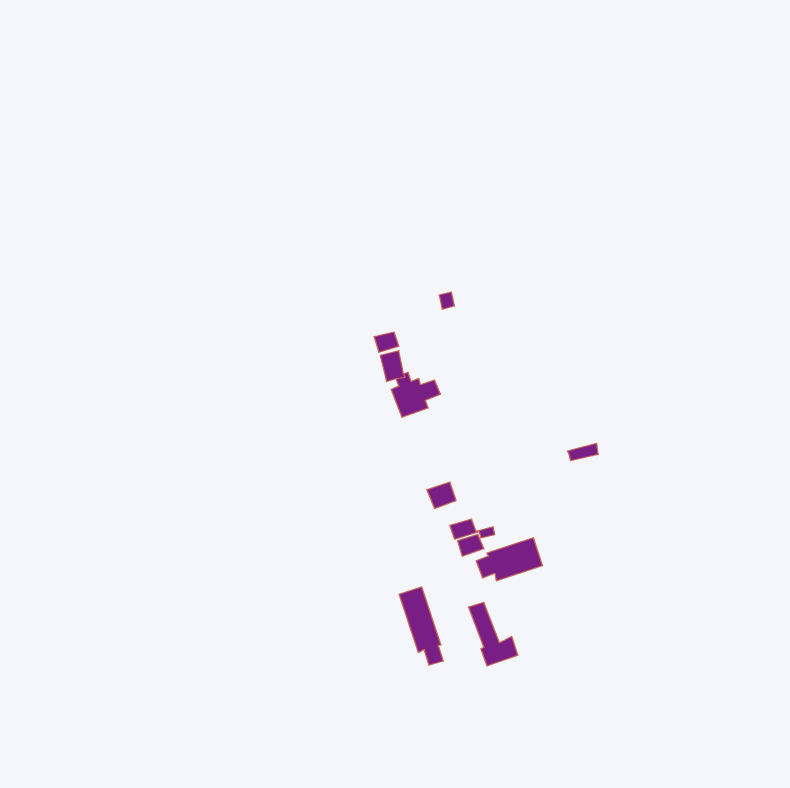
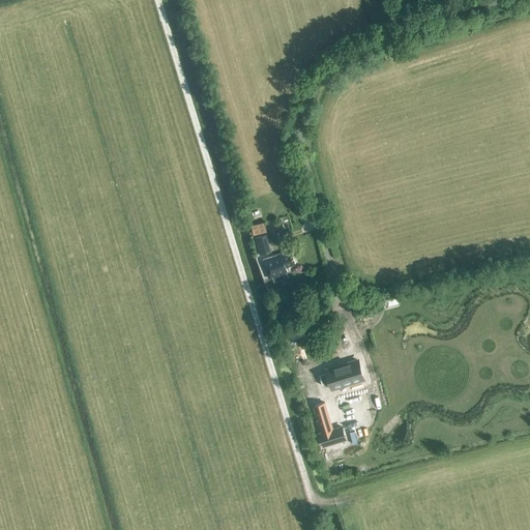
building: [399,587,443,665] -> none

